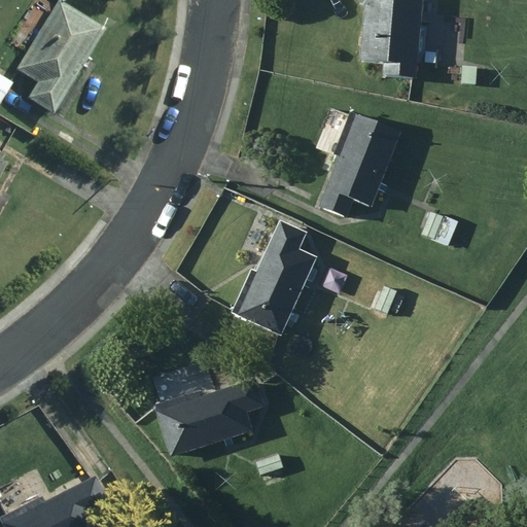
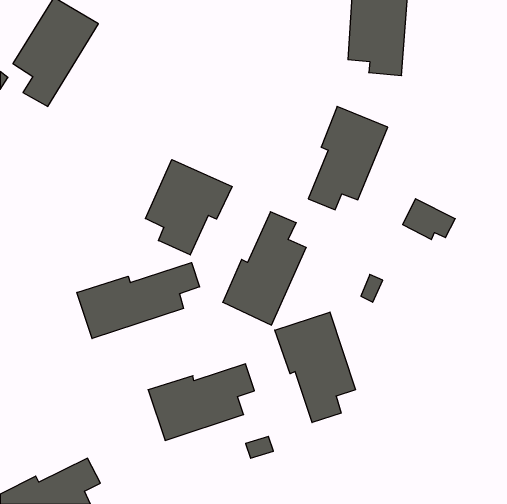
building: none -> [145,160,232,255]
building: none -> [77,263,200,339]
building: none -> [275,312,356,423]

